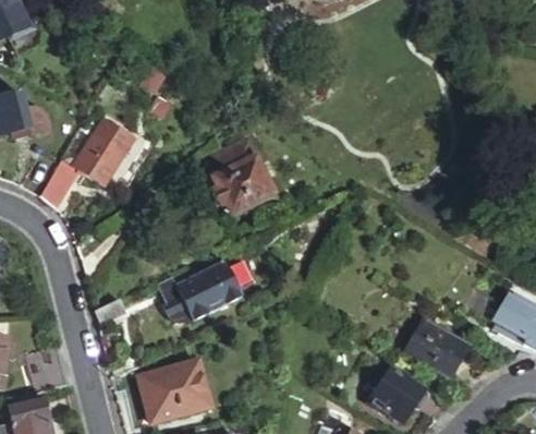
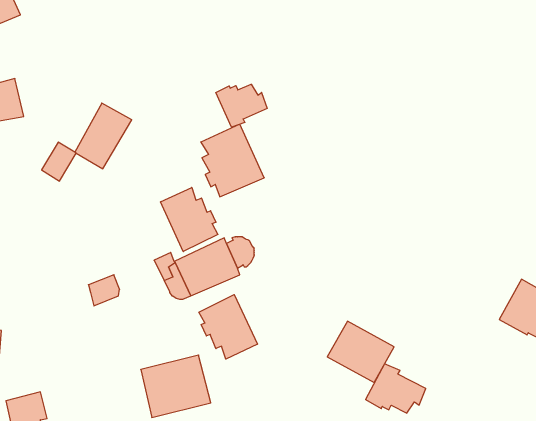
building: none -> [216,84,267,127]
building: none -> [161,187,218,252]
building: none -> [199,295,257,359]
building: [404,317,470,377] -> [327,321,394,383]

